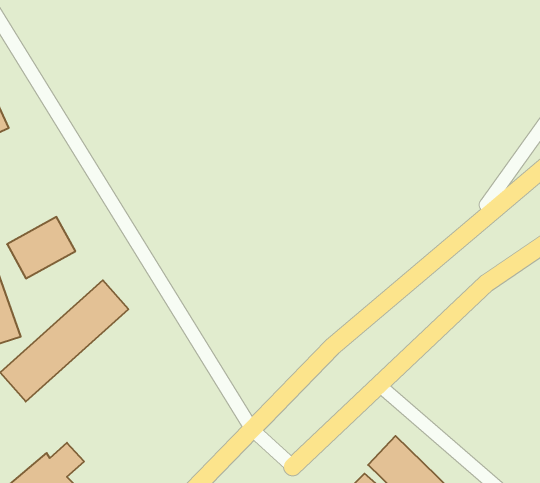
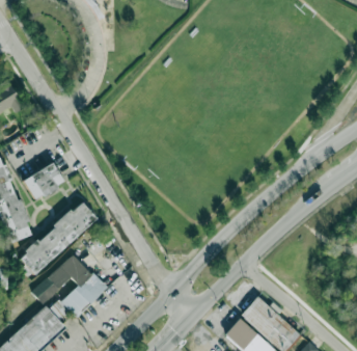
building: none -> [31,253,106,316]

